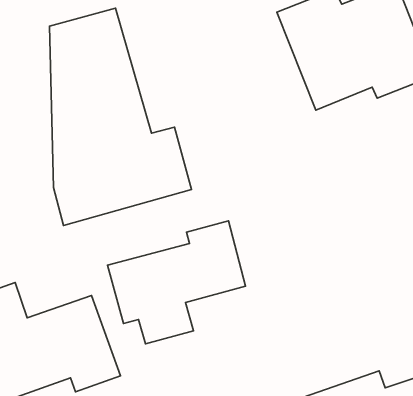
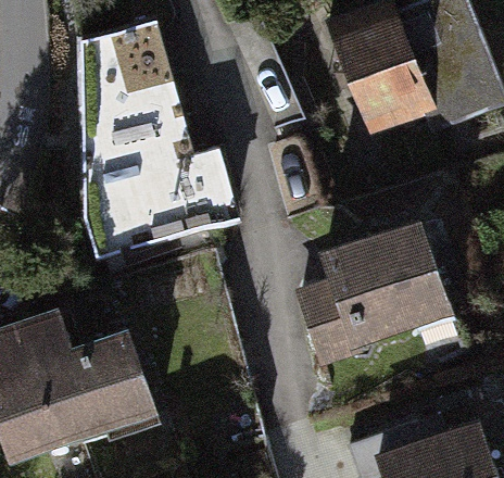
building: none -> [300,224,448,357]
building: [107,221,245,344] -> none

